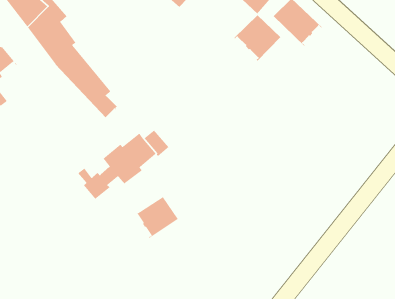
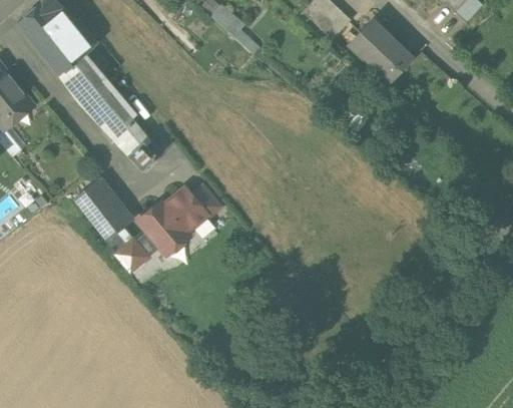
building: [234,14,281,61] -> none
building: none -> [74,182,127,240]
building: [134,196,179,239] -> none

